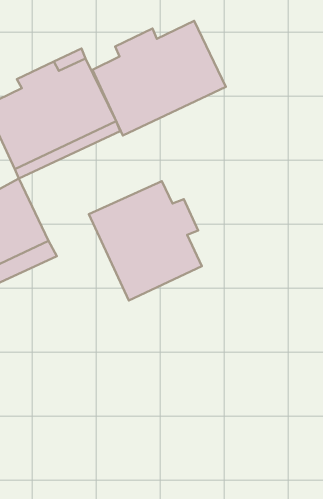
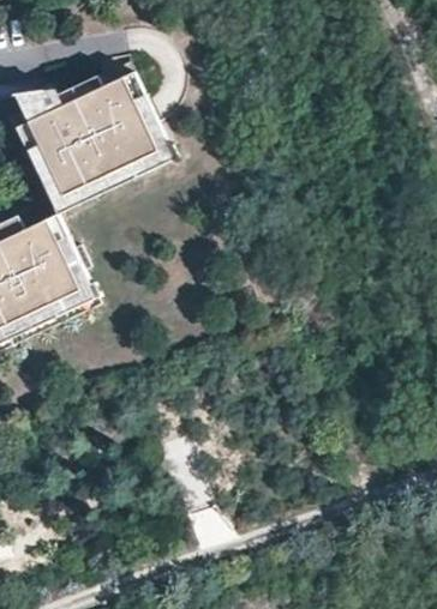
building: [93,21,226,136] -> none
building: [89,181,202,301] -> none

